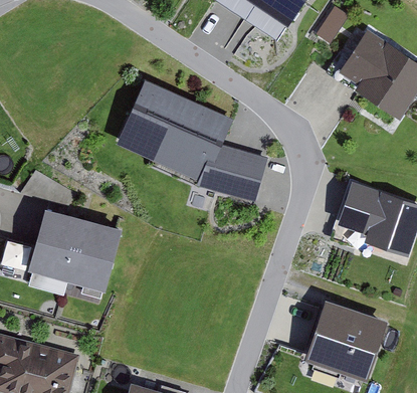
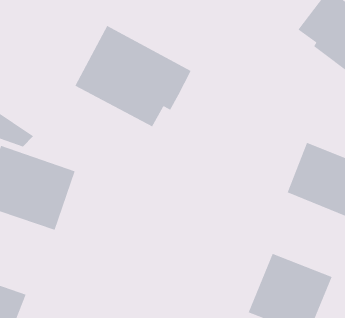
building: [195,146,267,202] -> none

